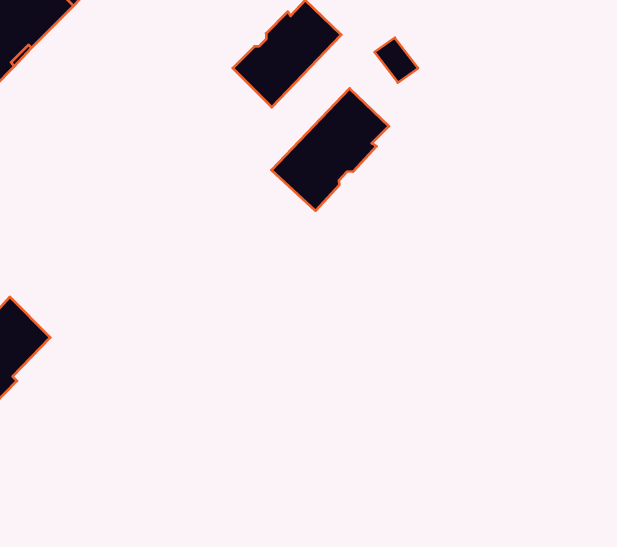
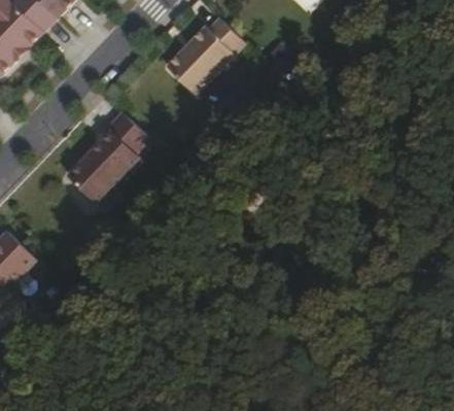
building: [271,88,389,211] -> none
building: none -> [67,111,148,200]

